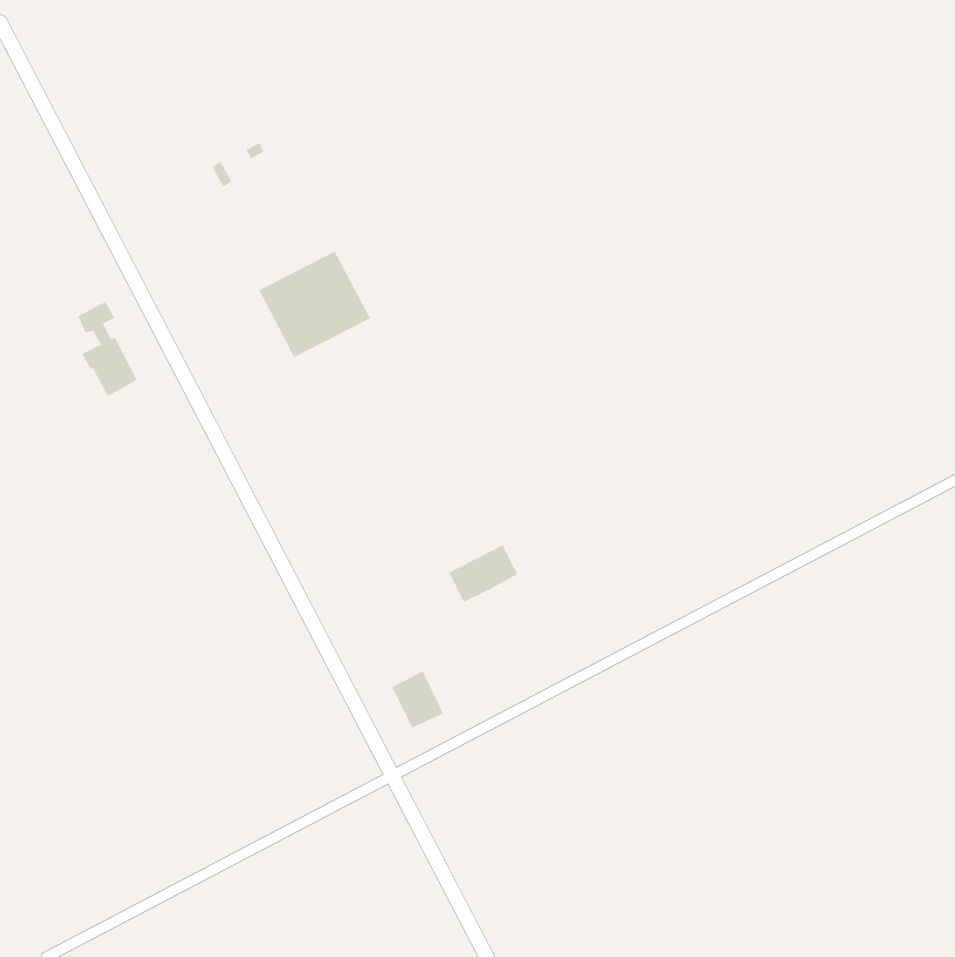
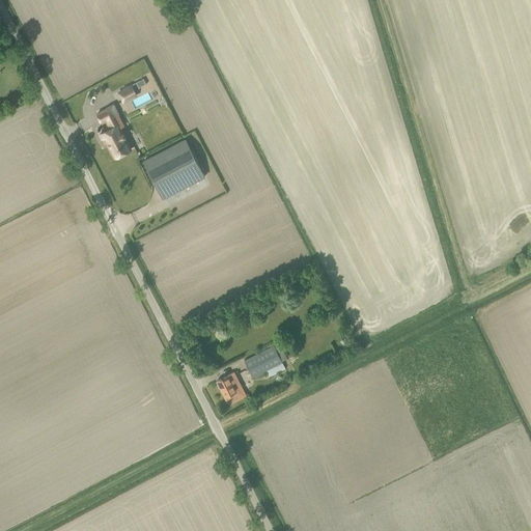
building: [78,301,138,397] -> [99,105,132,158]
building: [449,545,518,603] -> [245,345,283,378]

